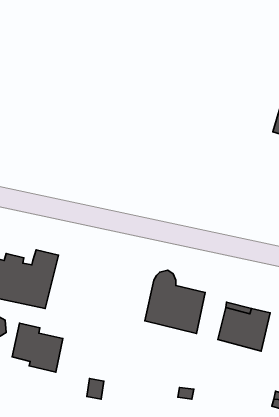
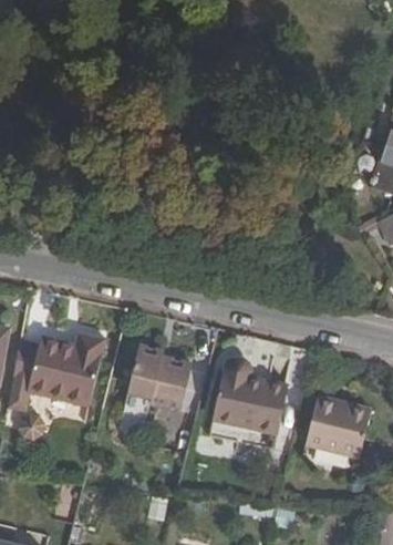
building: [12,323,63,372] -> [130,347,193,408]

